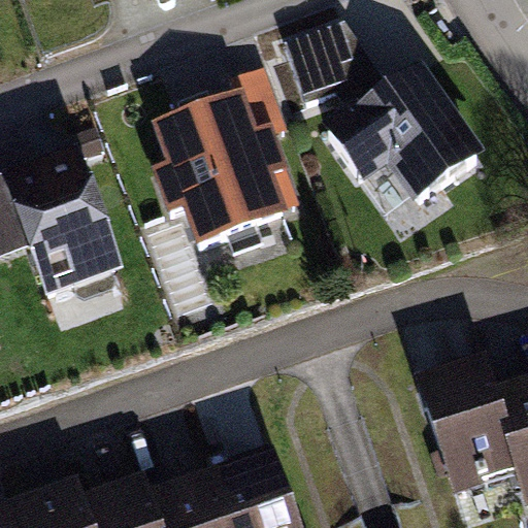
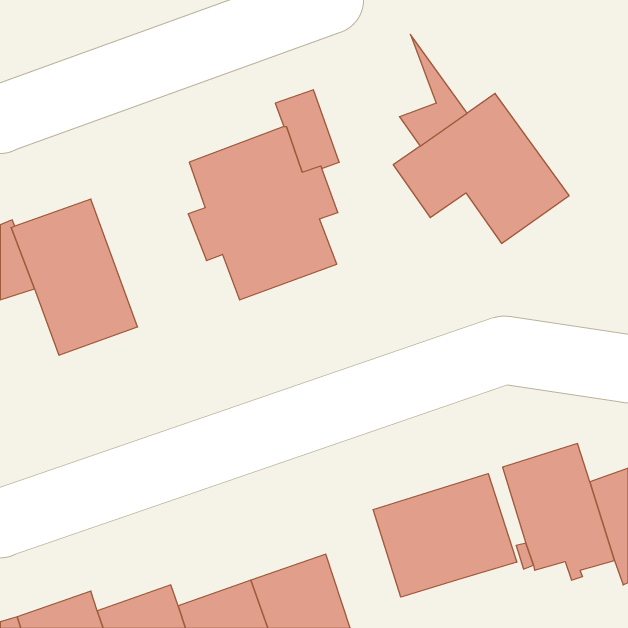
building: [286,29,366,108] -> none
building: none -> [373,474,517,597]

